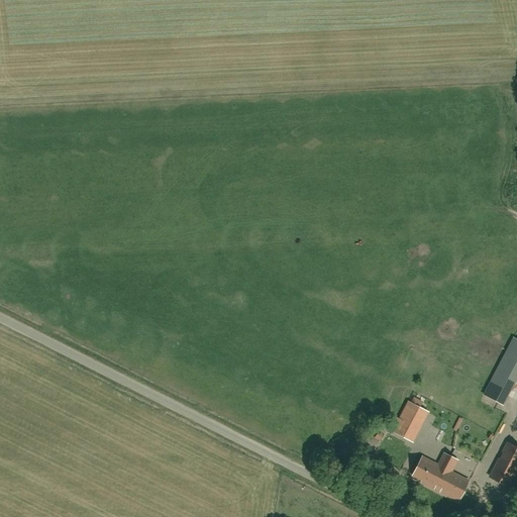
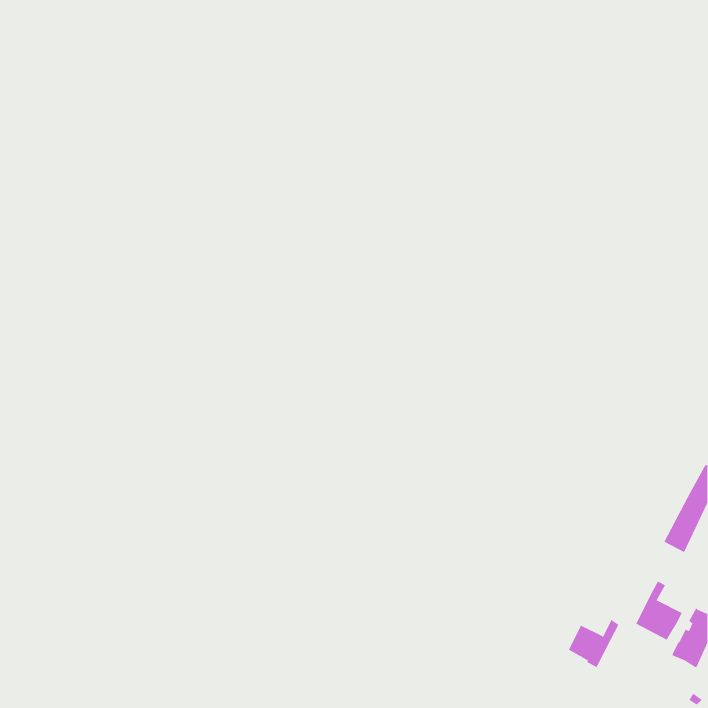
building: [393,401,423,439] -> none
building: [435,455,470,499] -> [635,581,683,640]

